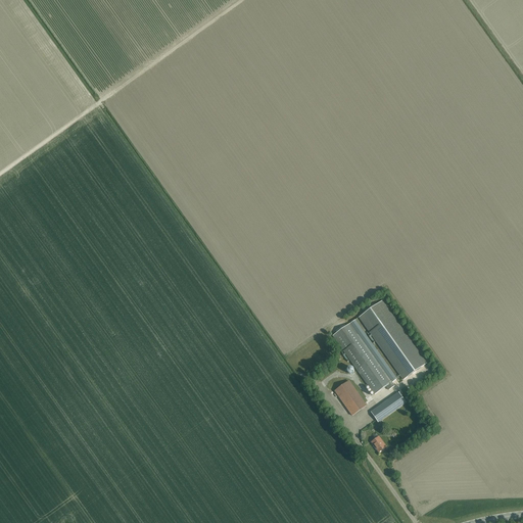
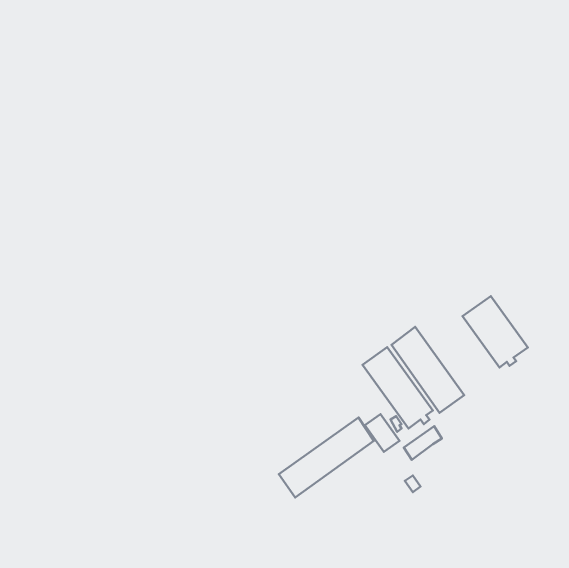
building: none -> [463,296,528,368]
building: none -> [279,418,374,498]

